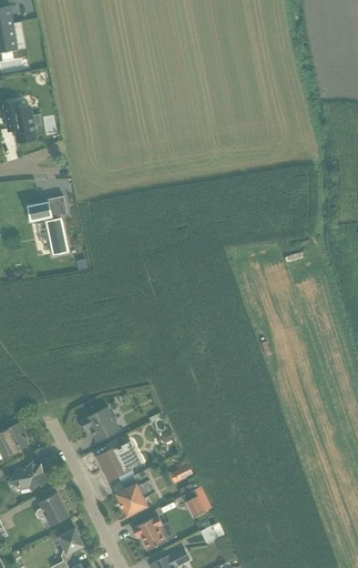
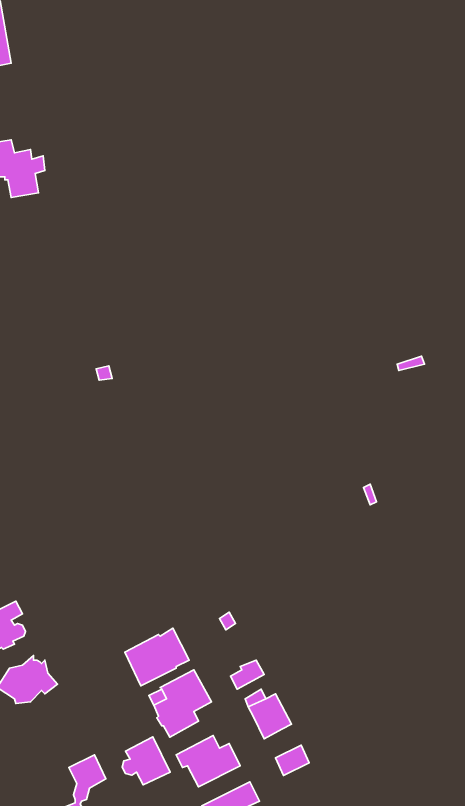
building: [28,195,69,256] -> none
building: [80,407,120,442] -> none
building: [35,493,69,526] -> [122,737,170,785]

